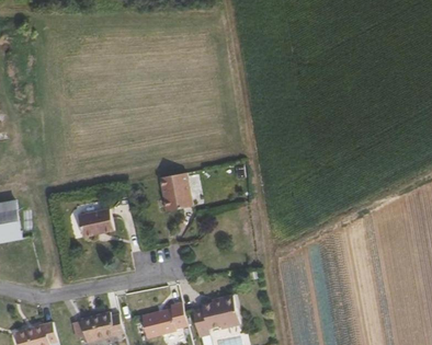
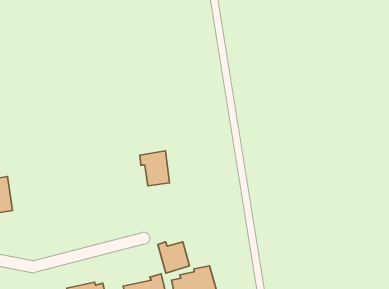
building: [76,209,111,237] -> none
building: none -> [158,242,190,273]

